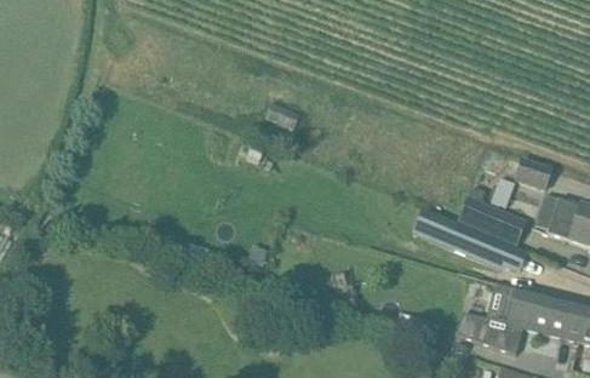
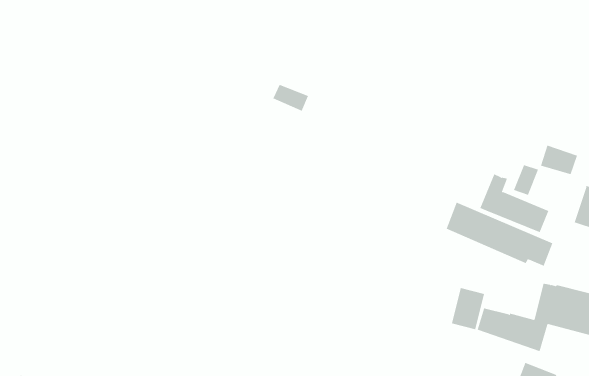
building: [487,284,519,323] -> [451,287,485,330]

